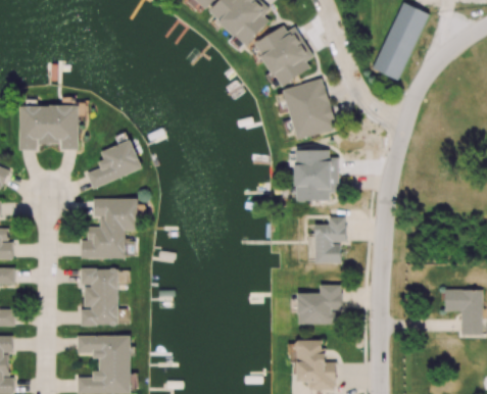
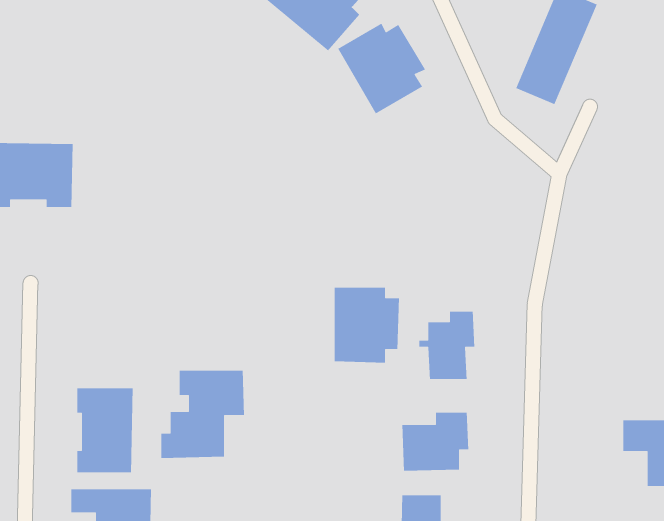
building: [283,79,337,139] -> none
building: [87,140,141,187] -> none
building: [295,150,339,201] -> [334,287,400,364]
building: [82,199,138,258] -> [161,370,245,459]

